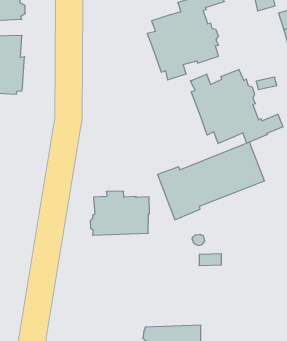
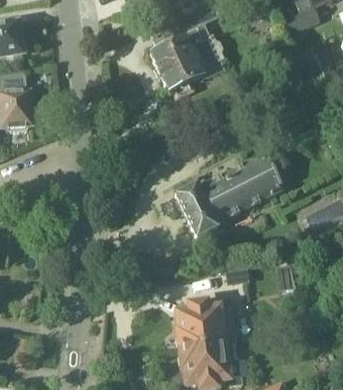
building: [190,69,283,144] -> none
building: [90,191,149,235] -> [177,301,236,349]

